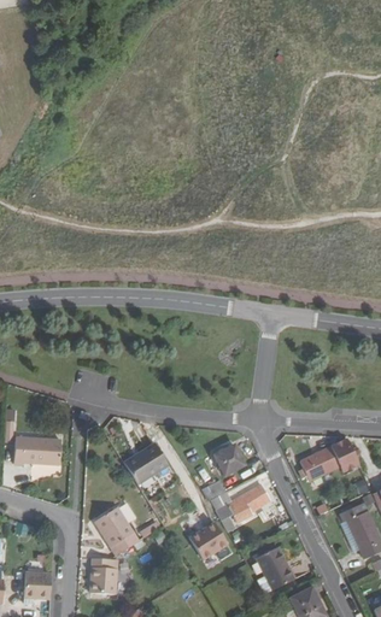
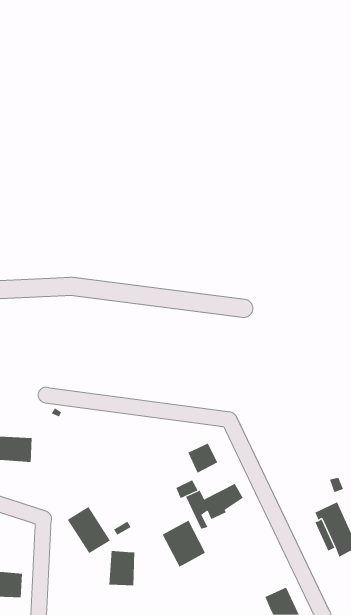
building: [297,439,358,480] -> none
building: [124,443,169,483] -> none
building: [257,547,294,589] -> none
building: [90,558,117,593] -> [108,551,135,586]

